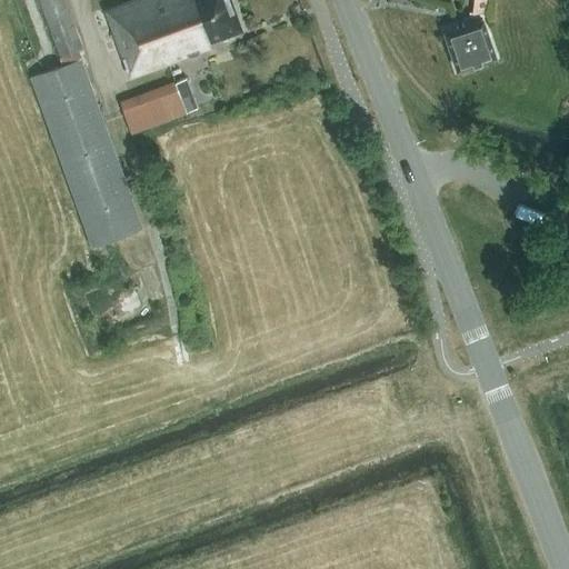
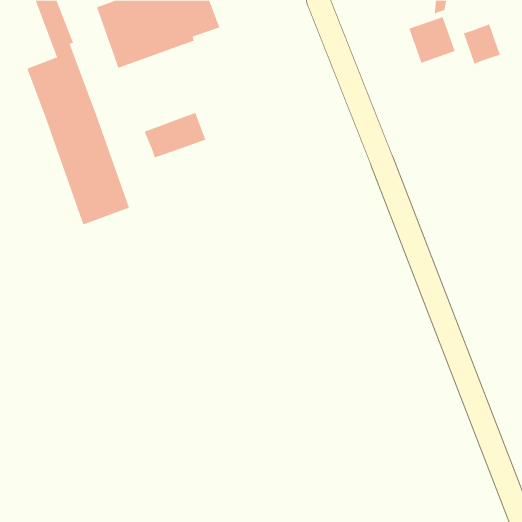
building: none -> [463,24,501,64]
building: [119,83,187,133] -> [144,112,206,158]

